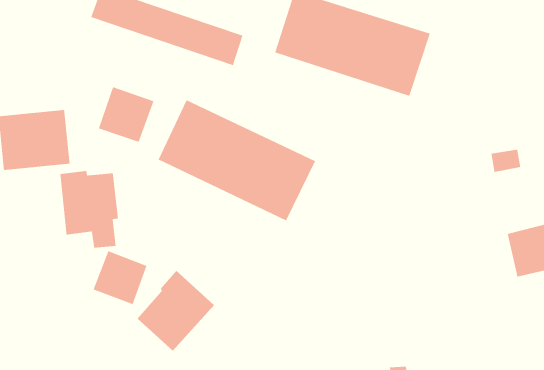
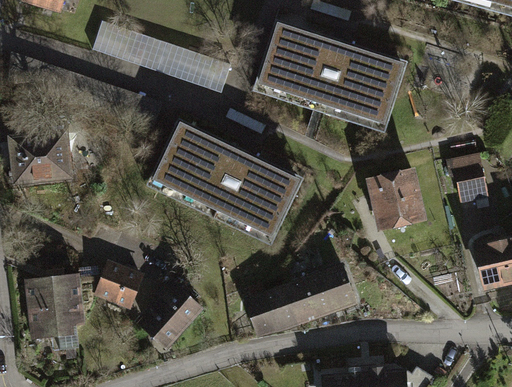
building: [98,86,154,143] -> none
building: none -> [364,164,425,228]
building: [59,170,119,249] -> [24,277,78,348]
building: none -> [243,260,357,335]

